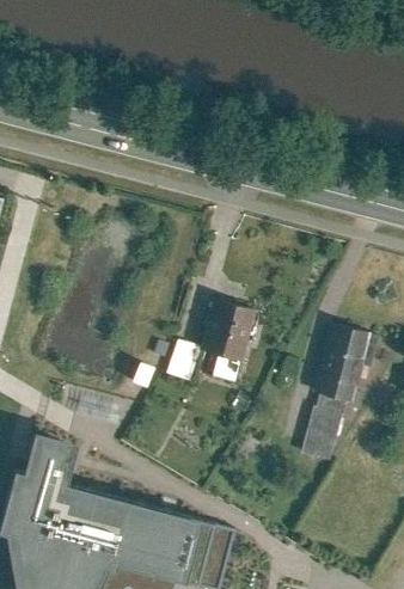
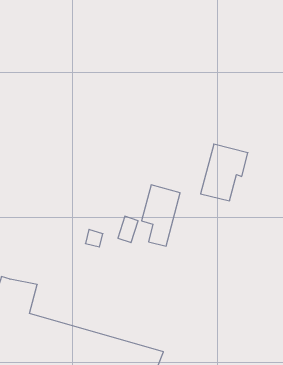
building: [316,326,380,404] -> [201,144,248,201]
building: [305,410,343,461] -> none

